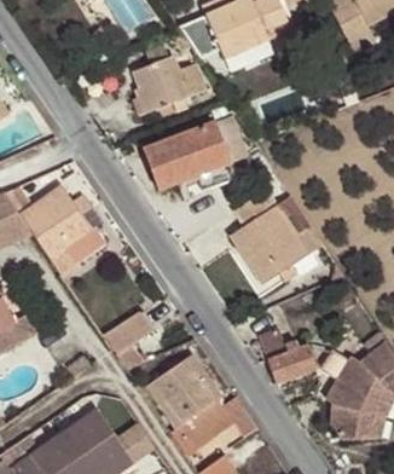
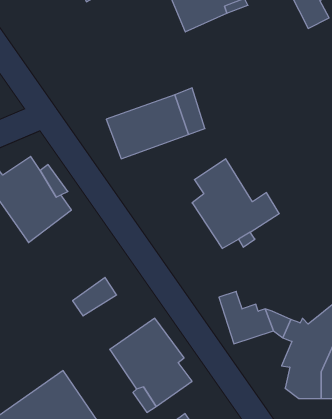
building: [131,57,204,117] -> none

